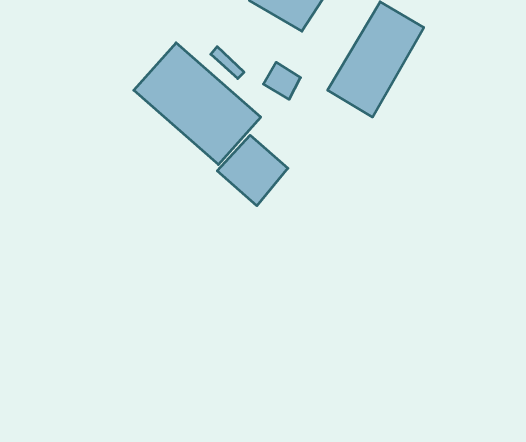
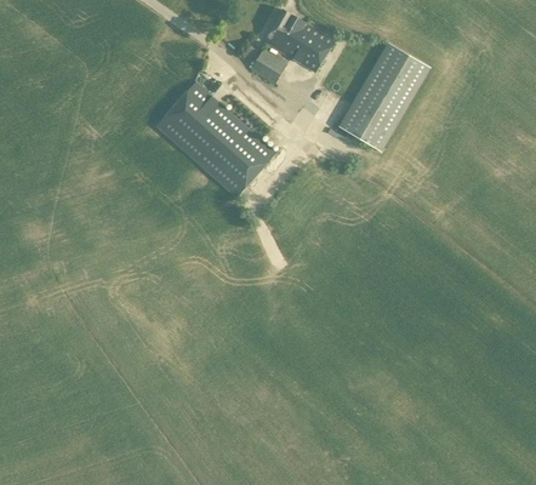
building: [263,62,301,99] -> [250,48,285,84]
building: [217,135,288,206] -> none

